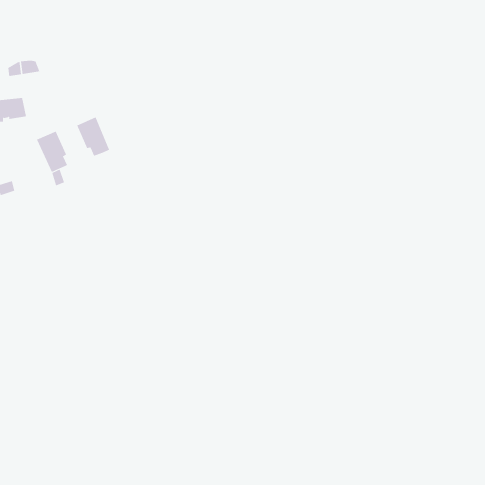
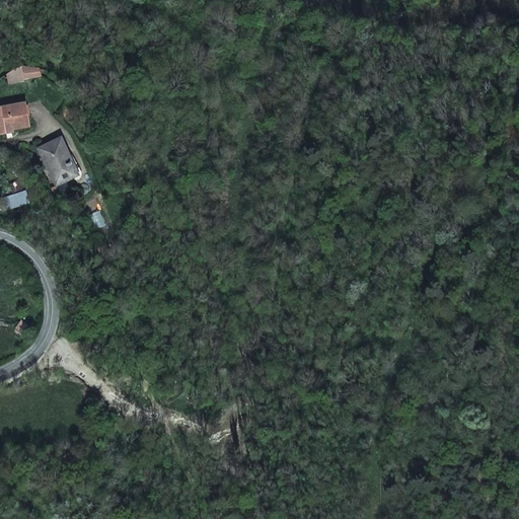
building: [76,117,110,157] -> none

